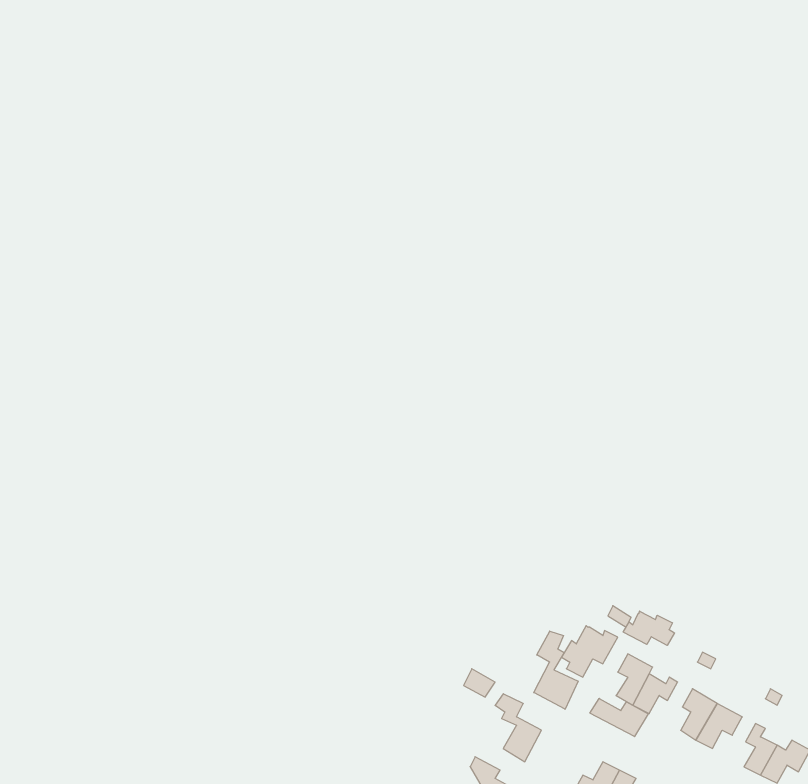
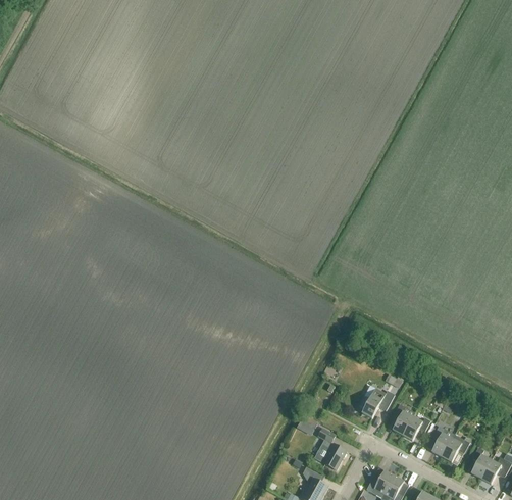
building: [623,611,675,645] -> none
building: [534,631,578,709] -> none
building: [590,698,648,737] -> none

